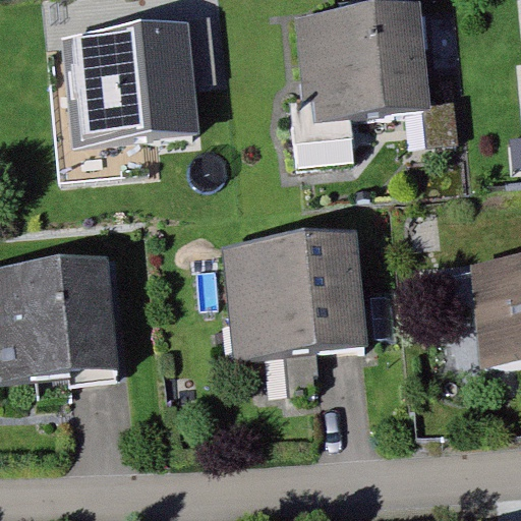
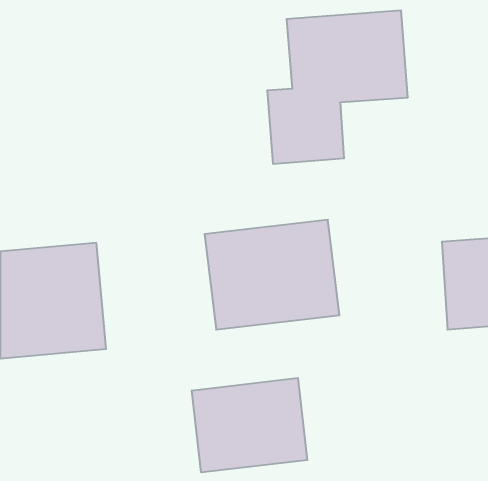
building: [58,23,187,138] -> none
building: none -> [192,378,307,472]

